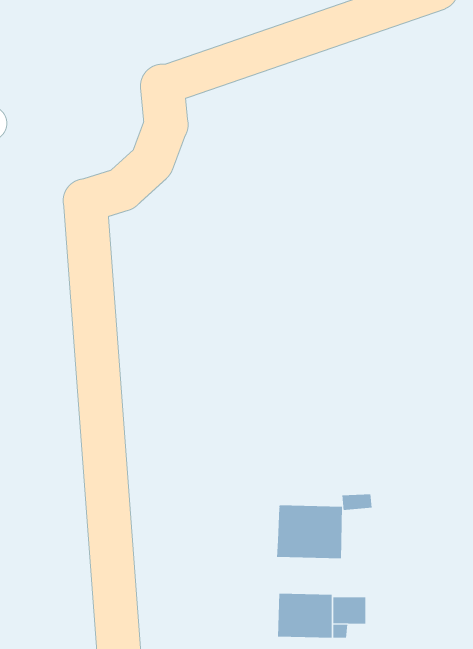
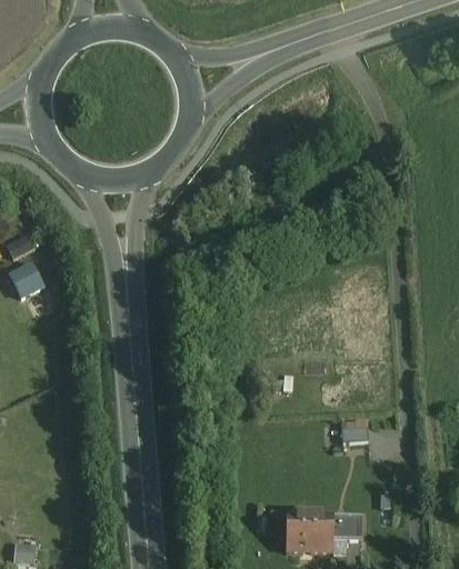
building: [277,505,343,559] -> none

